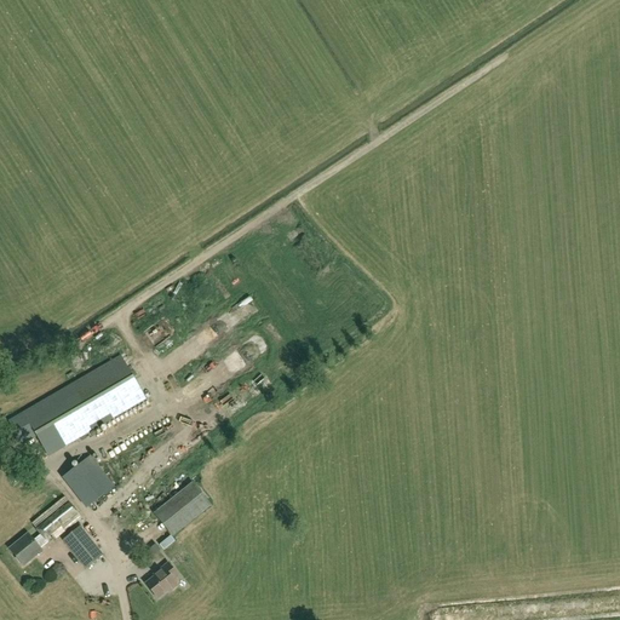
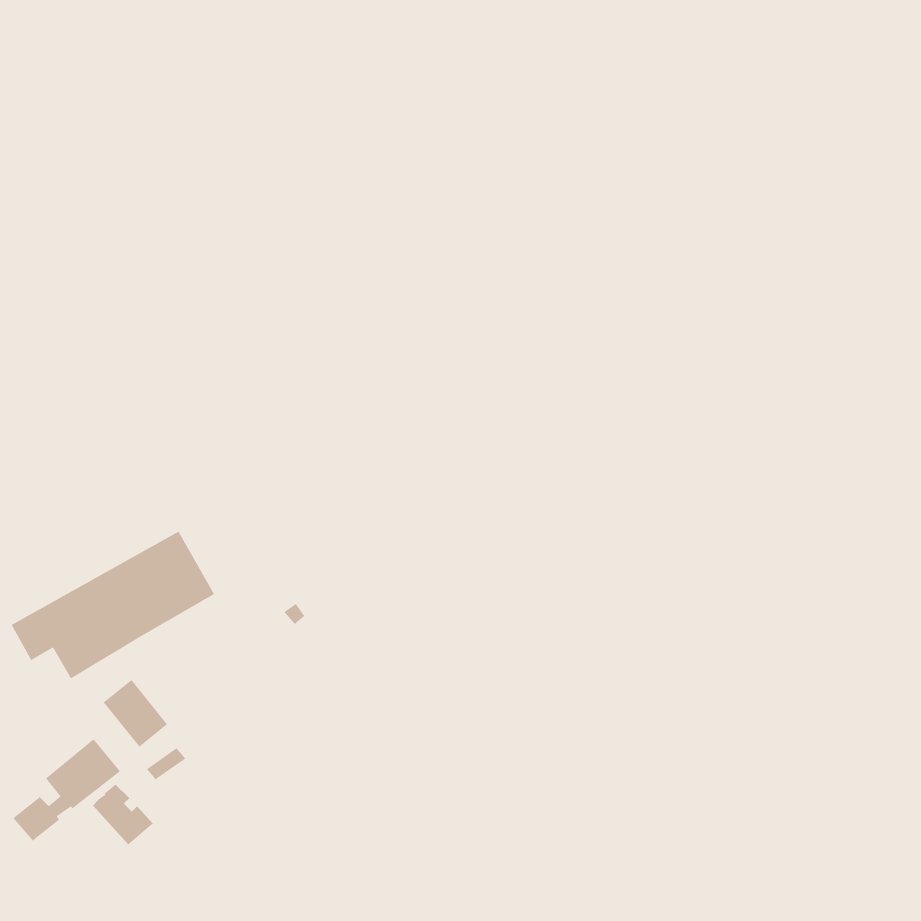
building: [153,481,209,535] -> none
building: [143,561,177,597] -> none

